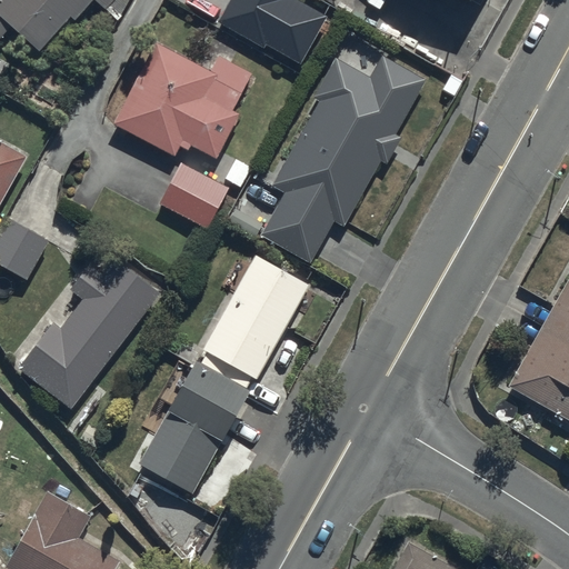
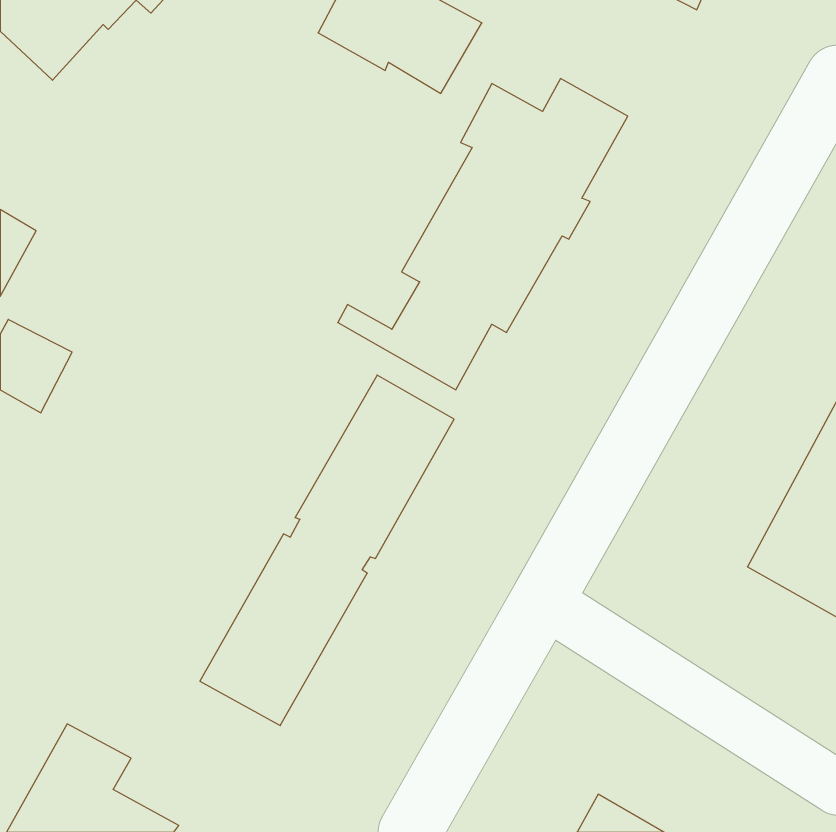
building: [109,39,252,159] -> none
building: [159,162,229,229] -> none
building: [20,257,163,410] -> none

